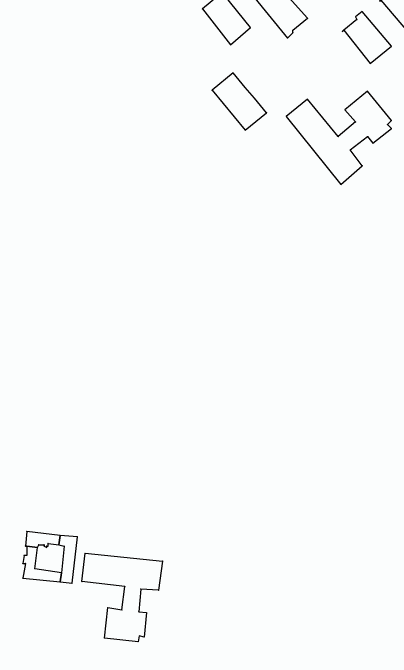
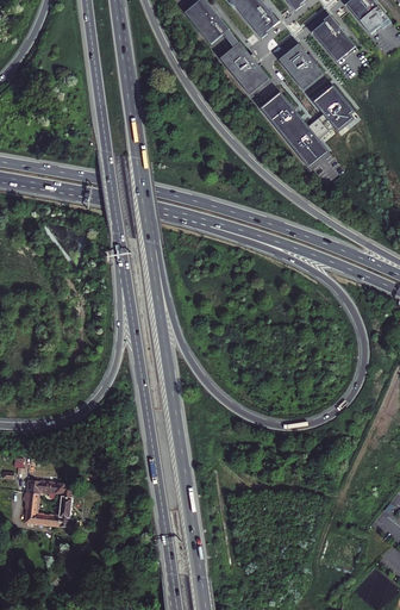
building: none -> [279,43,323,88]
building: [212,73,267,130] -> [219,42,268,93]
building: [82,553,163,642] -> none

